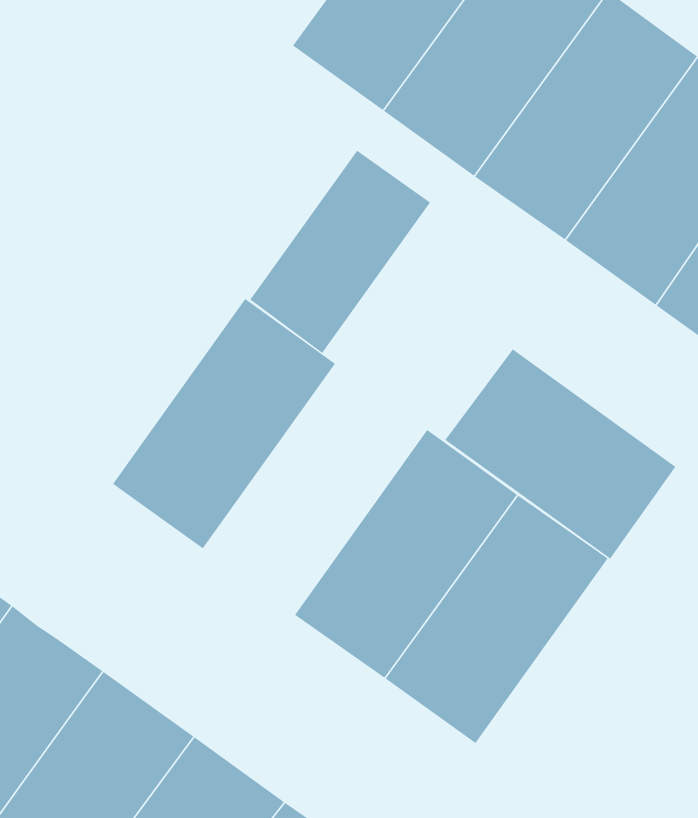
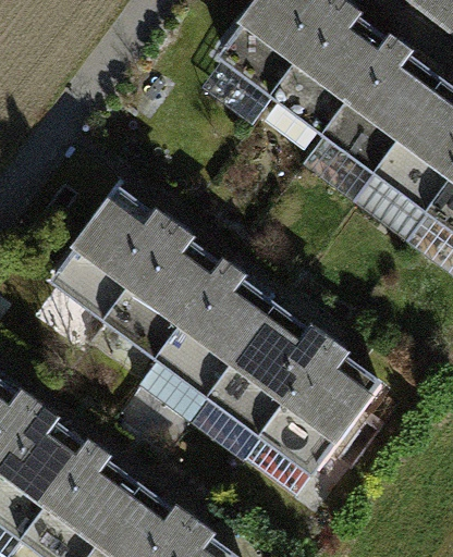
building: [249,150,431,354] -> none
building: none -> [38,185,172,334]
building: [445,348,676,559] -> none
building: none -> [147,262,281,412]

